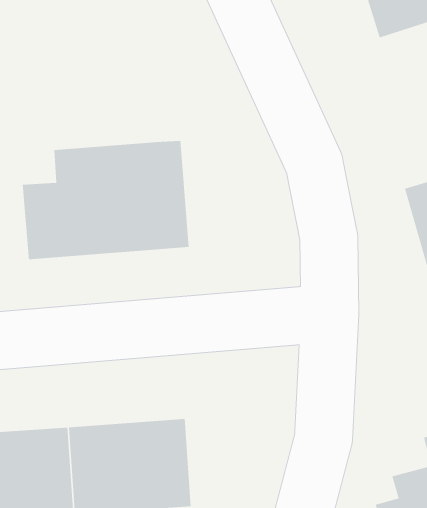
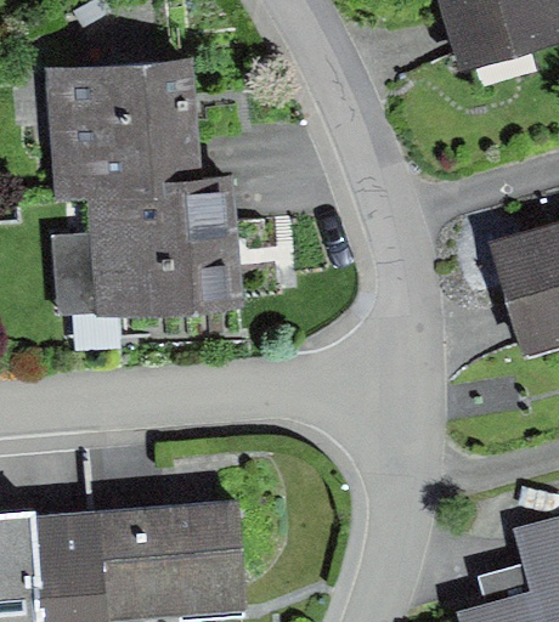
building: none -> [46,55,209,198]

